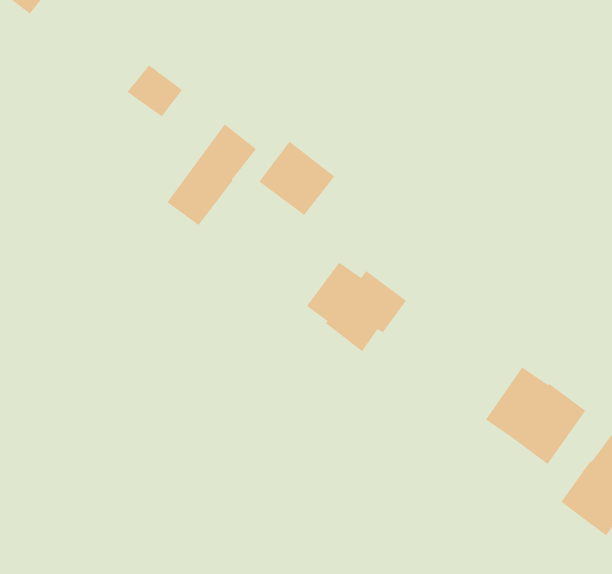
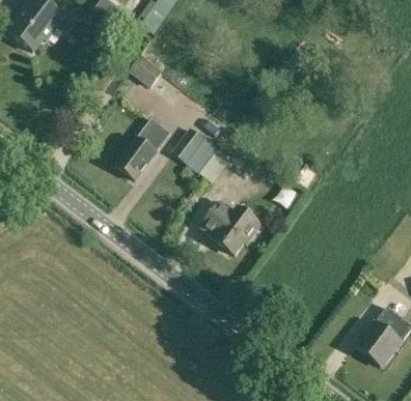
building: [127,64,183,117] -> [128,55,162,87]
building: [485,366,586,465] -> none

